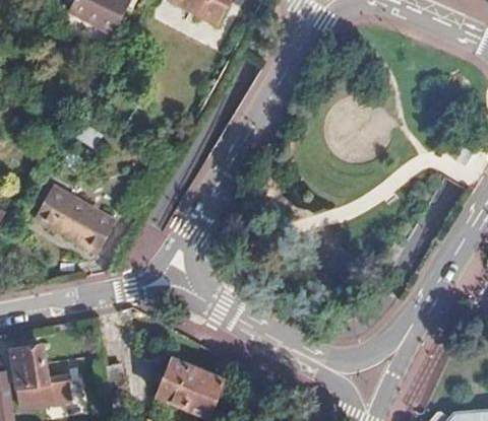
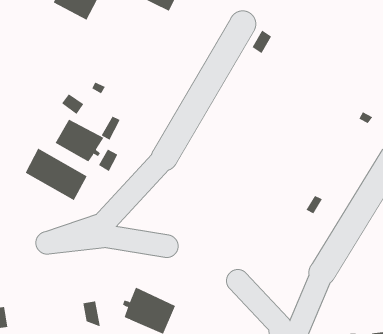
building: none -> [55,119,104,162]
building: [11,347,71,411] -> none

